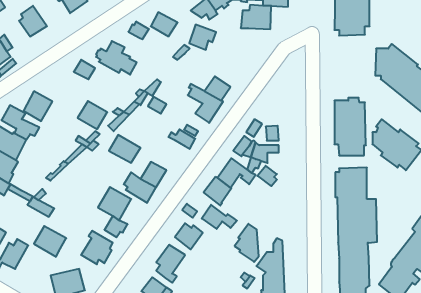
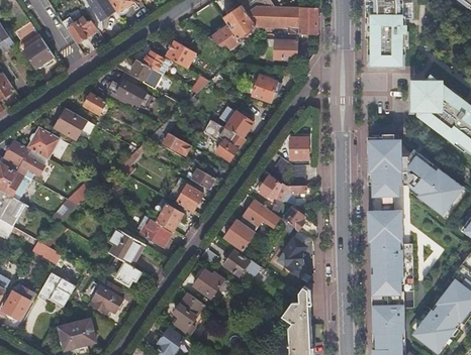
building: [189,25,216,50] -> [252,74,281,101]
building: none -> [130,58,164,83]
building: none -> [289,136,308,158]
building: [78,101,107,129] -> [55,108,87,138]
building: [109,135,141,163] -> [169,179,203,209]
building: [235,224,259,262] -> [279,236,305,277]

